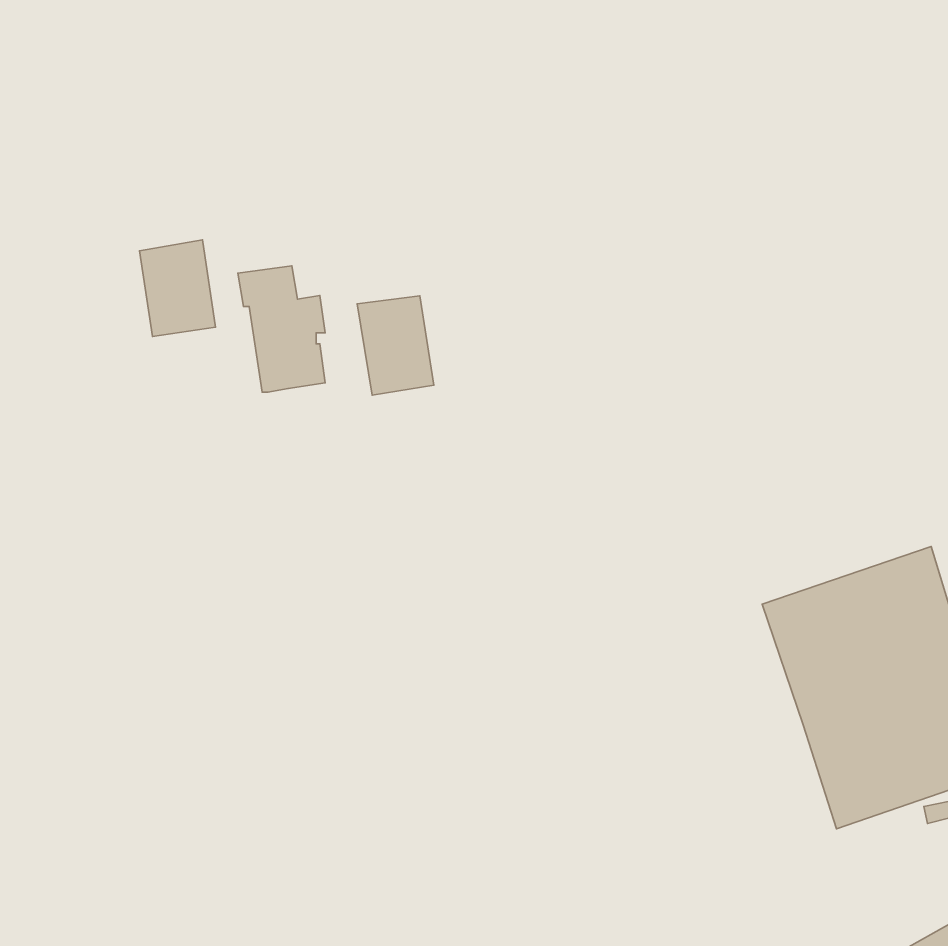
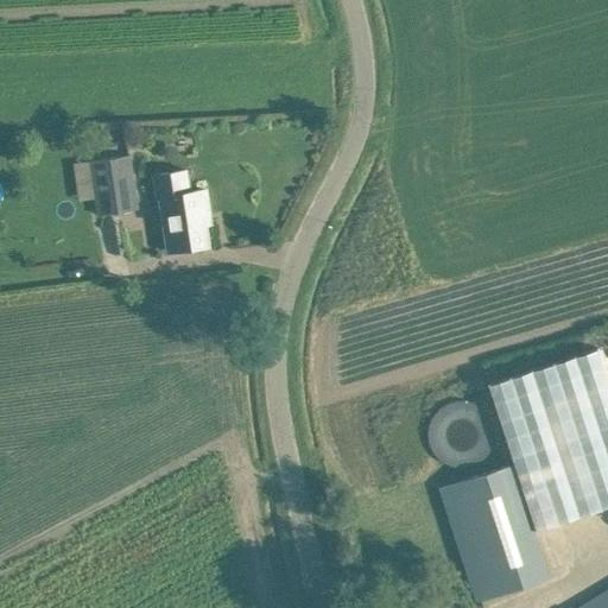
building: [357,296,434,395] -> none
building: none -> [441,466,551,602]

